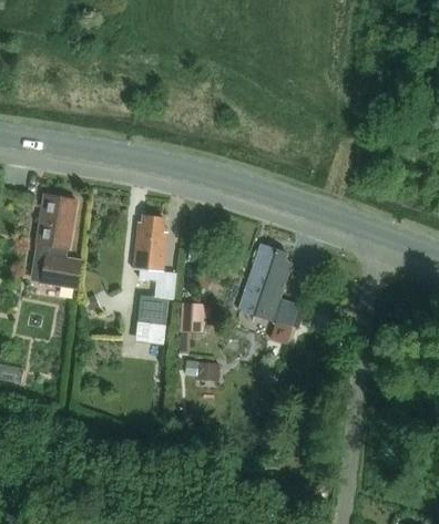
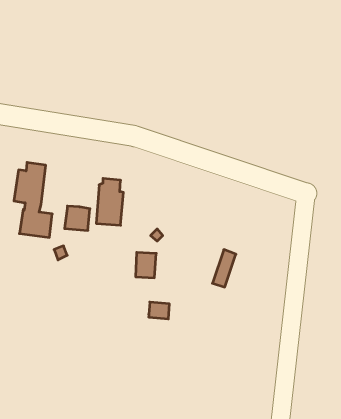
building: [238,246,292,320] -> none
building: [137,297,167,326] -> [65,206,90,230]

